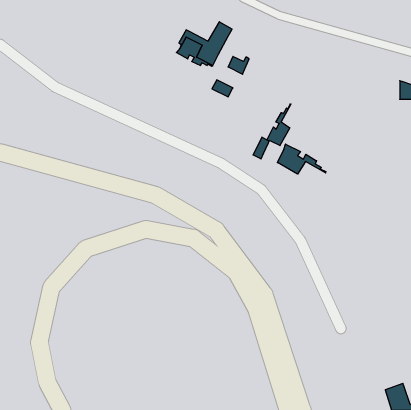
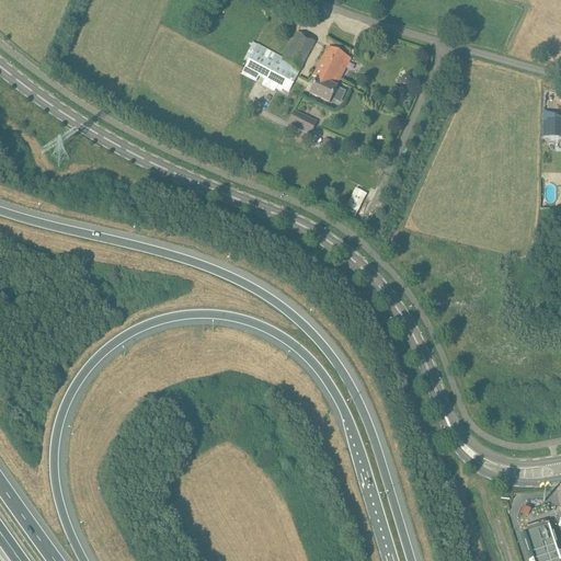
building: none -> [313,45,347,83]
building: [267,104,291,146] -> none
building: [277,144,326,174] -> none

